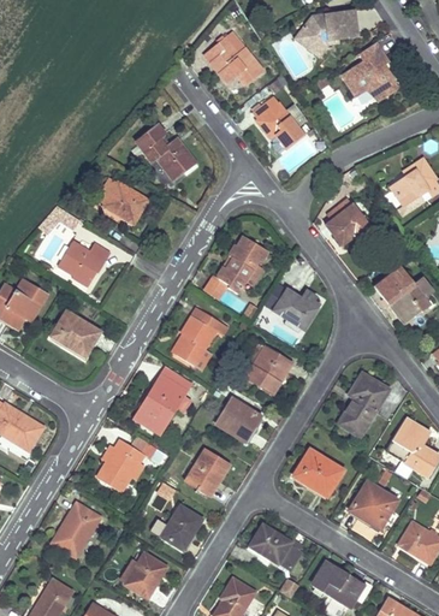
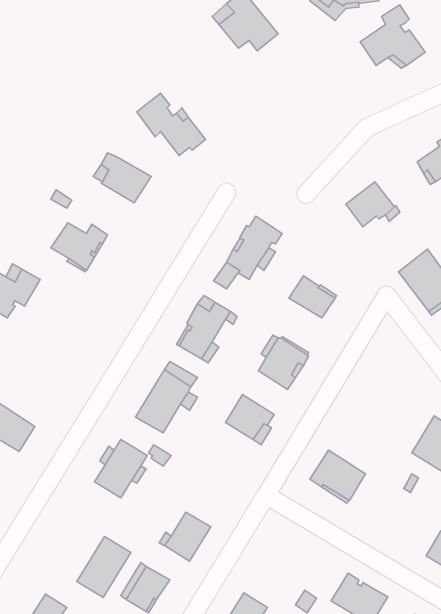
building: [253,95,304,147] -> none
building: [52,309,101,353] -> none
building: [339,373,388,434] -> none
building: [190,449,229,493] -> none
building: [350,480,398,525] -> none
building: [52,502,101,557] -> [77,537,131,597]
building: [249,523,302,569] -> none

